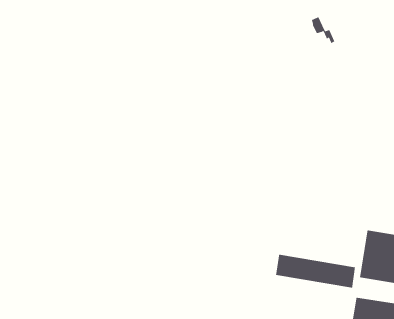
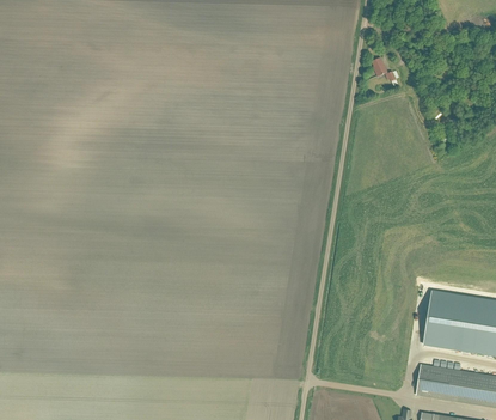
building: [276,254,356,288] -> none

